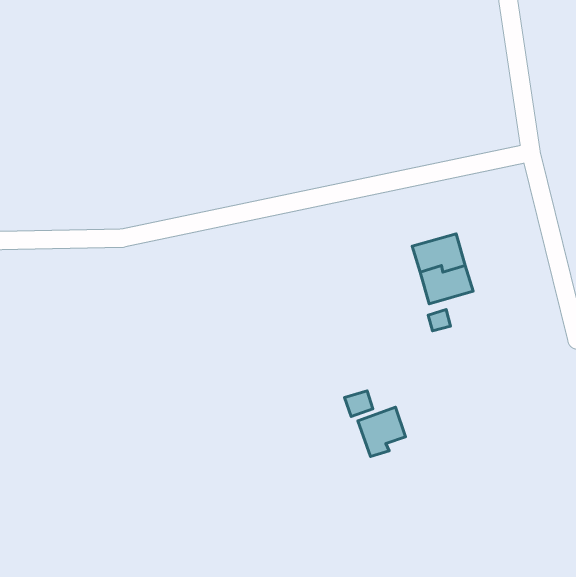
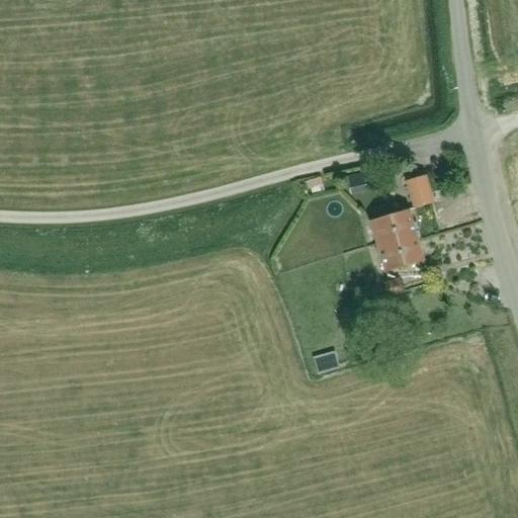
building: none -> [407,175,434,208]
building: [358,407,406,457] -> none

